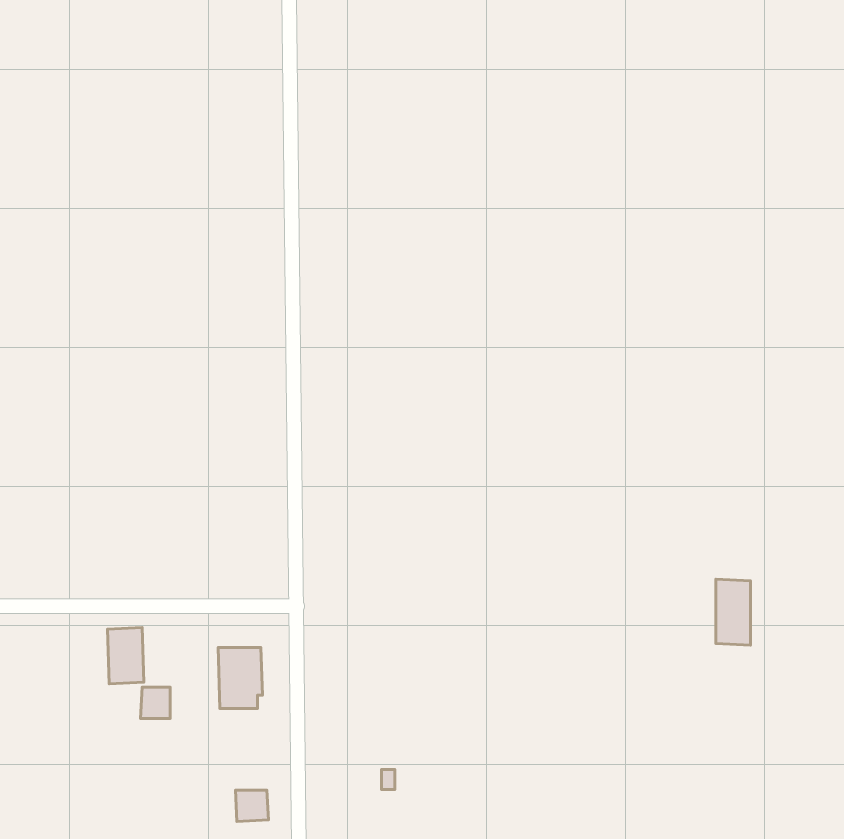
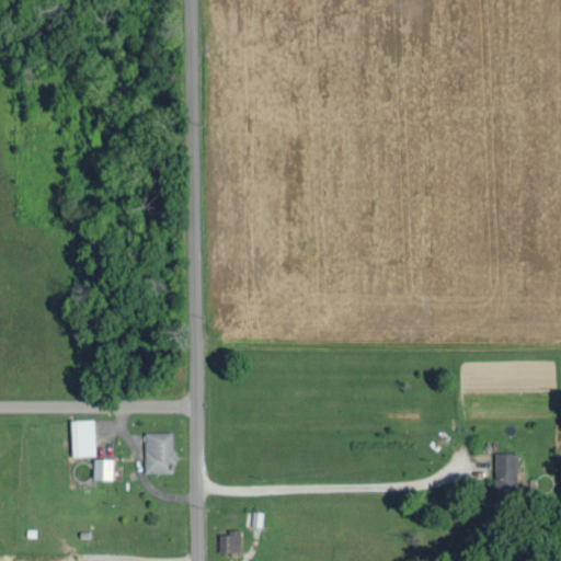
building: [716,579,751,645] -> [494,453,517,496]
building: [235,790,268,821] -> [219,533,241,553]

